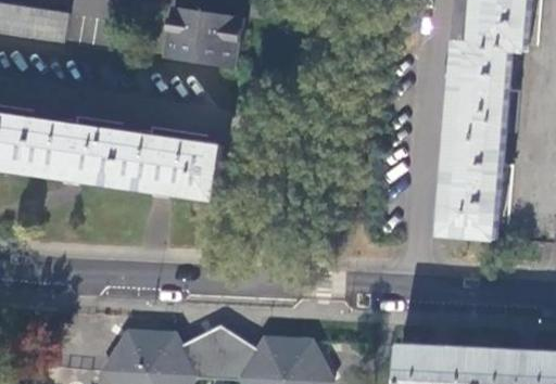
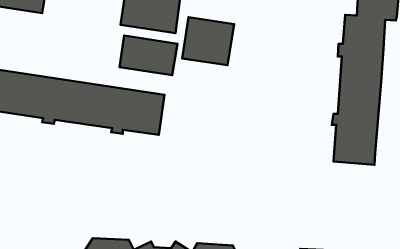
building: none -> [182,17,234,65]
building: none -> [119,36,178,75]

